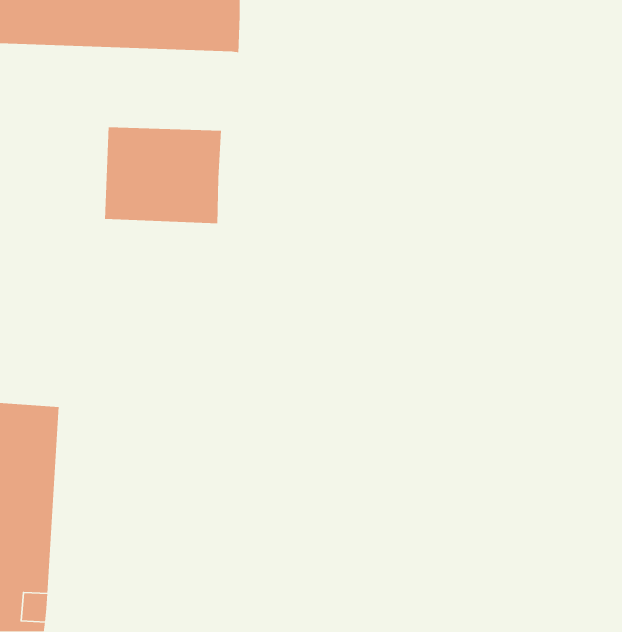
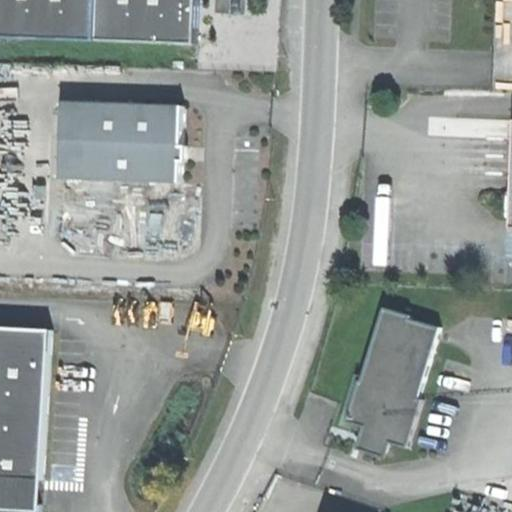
building: none -> [54,101,87,177]
building: none -> [345,310,435,452]

